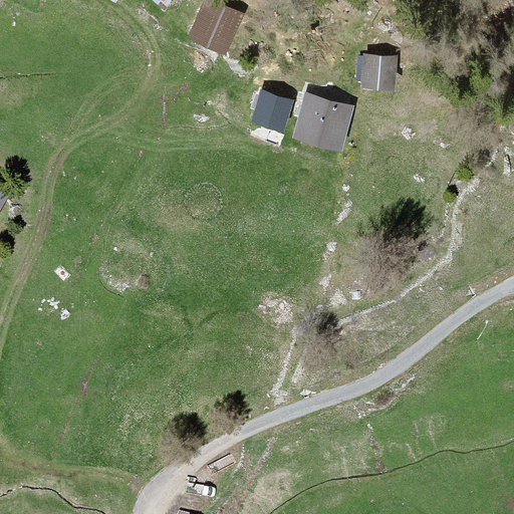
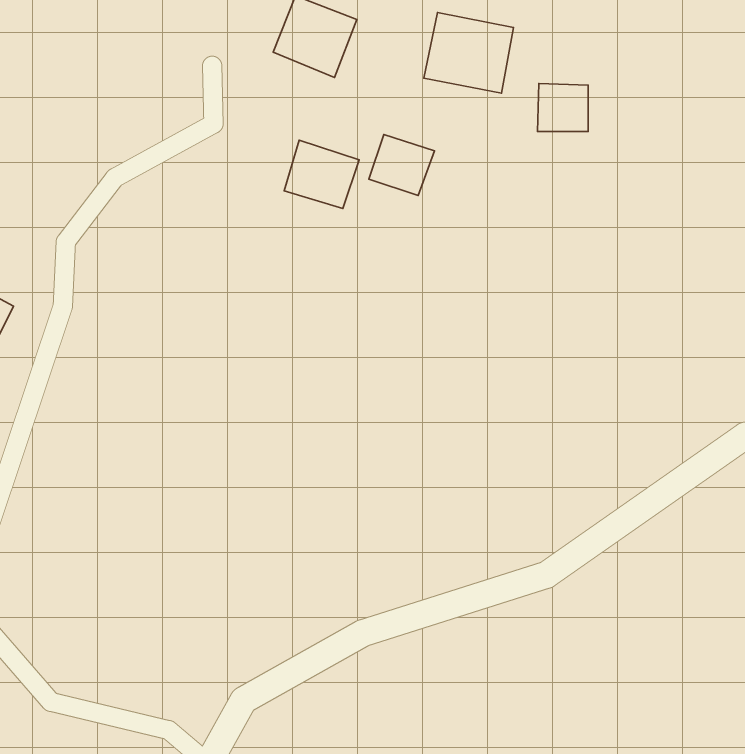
building: none -> [284,140,359,208]
building: [293,95,353,150] -> [424,12,514,93]

